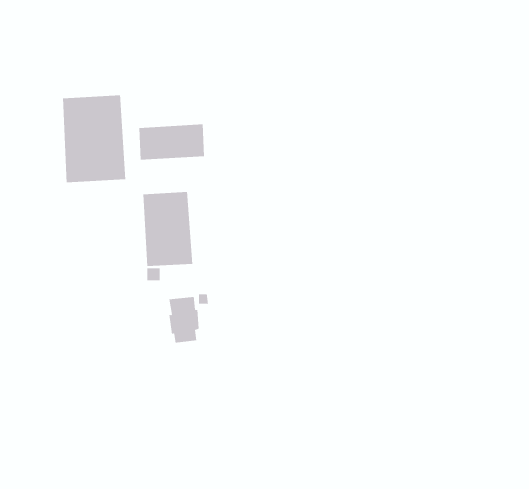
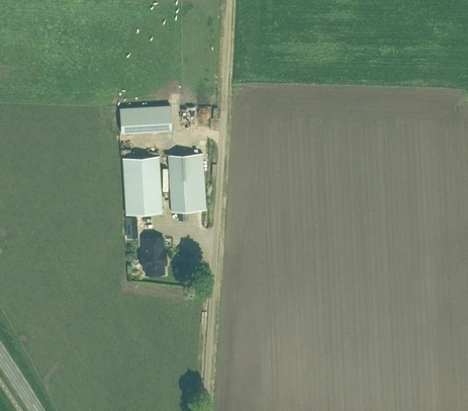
building: [63,95,126,183] -> none
building: none -> [168,153,206,212]

